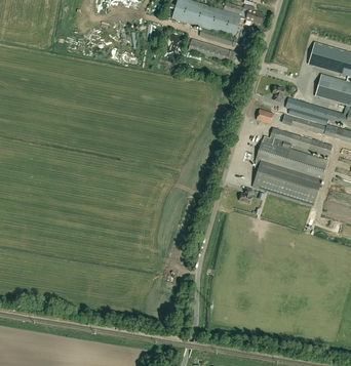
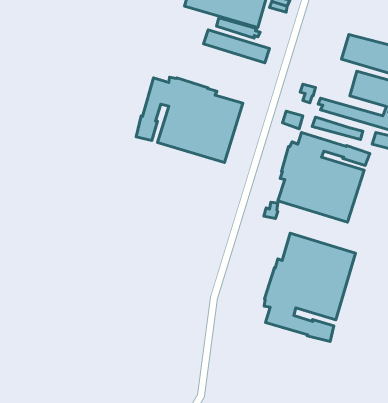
building: none -> [136,77,243,163]
building: none -> [264,233,356,342]

